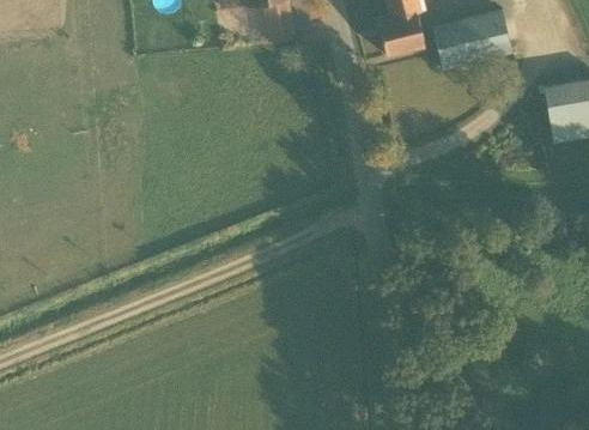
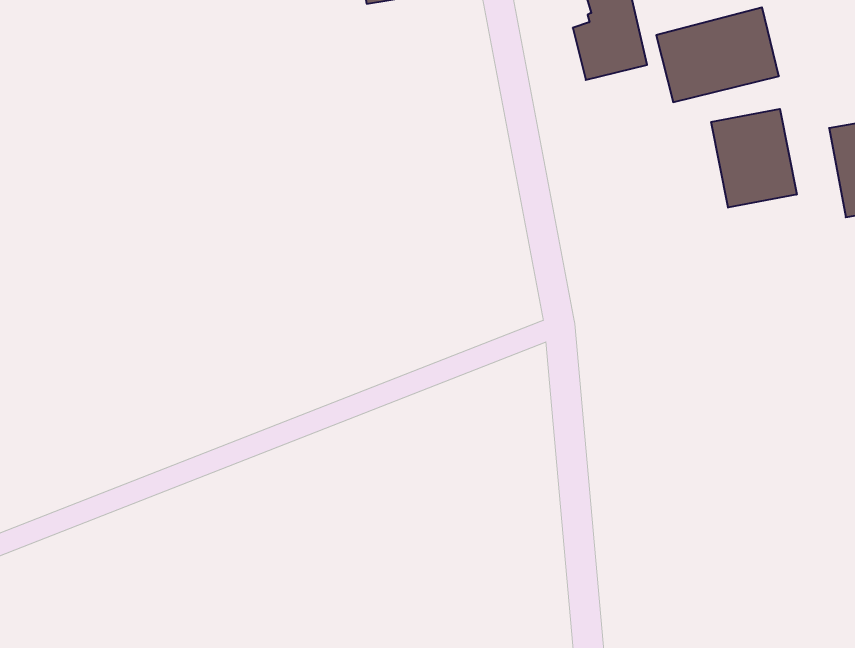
building: none -> [711,109,797,208]

